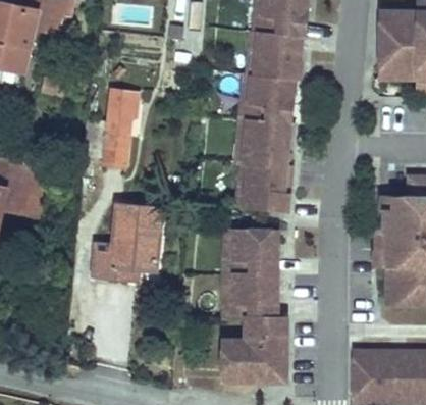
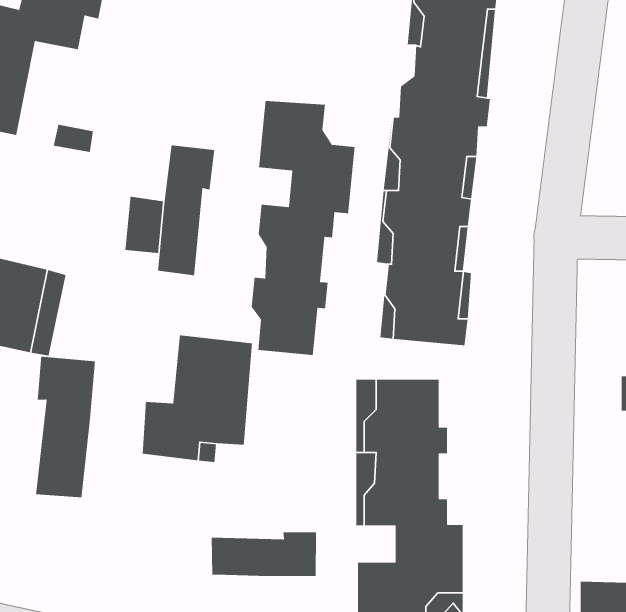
building: none -> [251,100,355,356]
building: none -> [35,356,96,498]
building: none -> [211,532,317,577]

